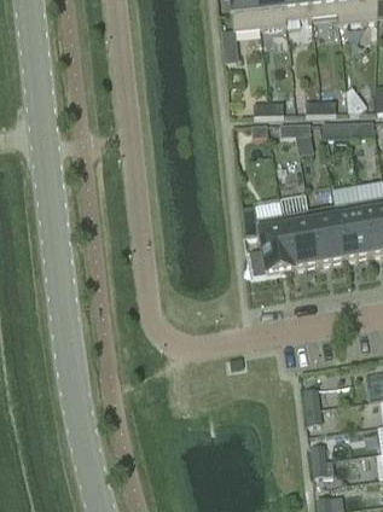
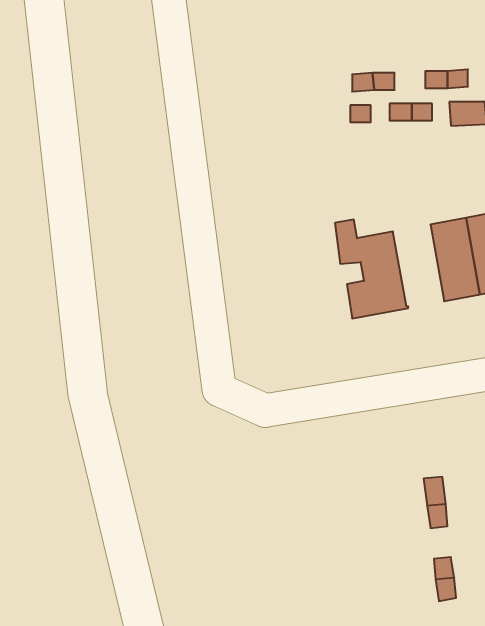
building: [283,209,319,267] -> none

